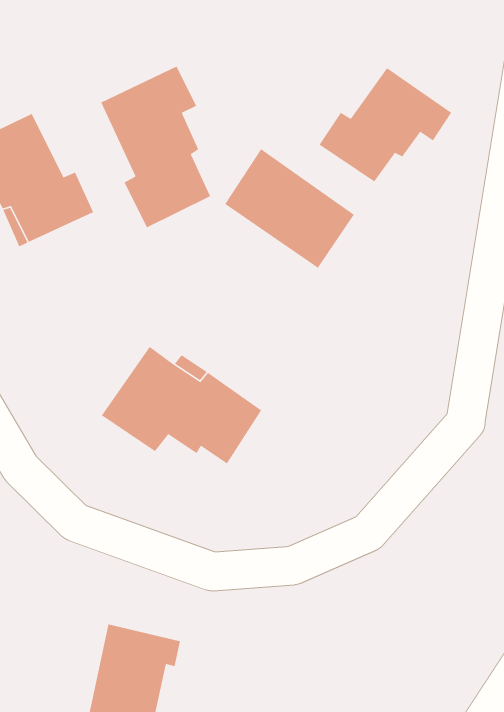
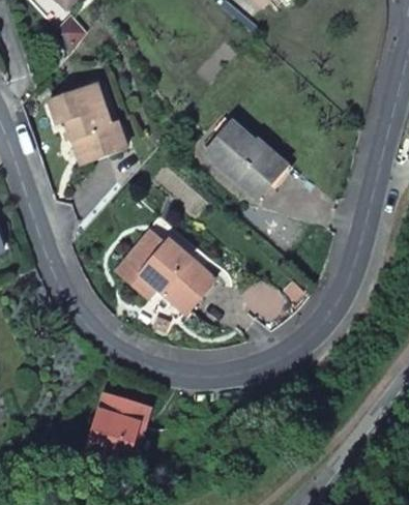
building: [100,65,211,229] -> none
building: [319,67,452,182] -> none

